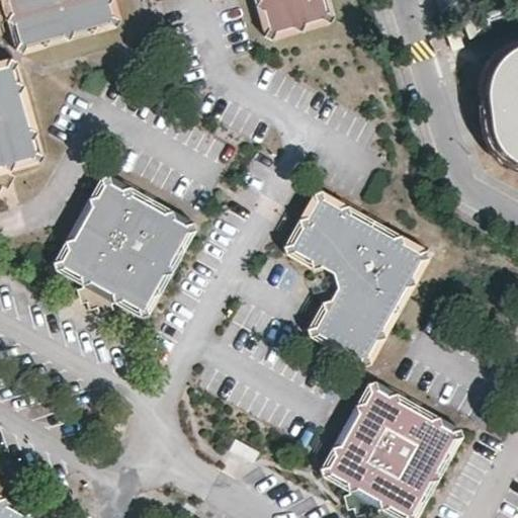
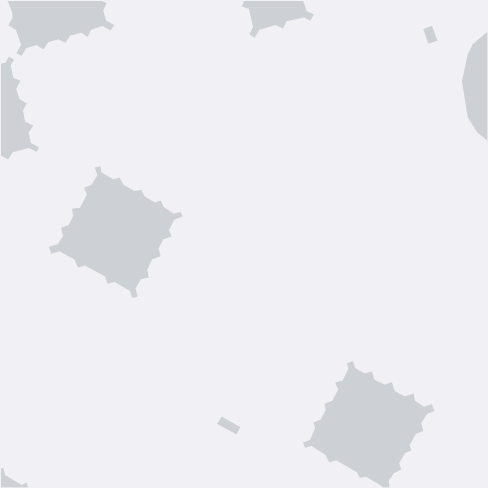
building: [283,189,429,363] -> none

